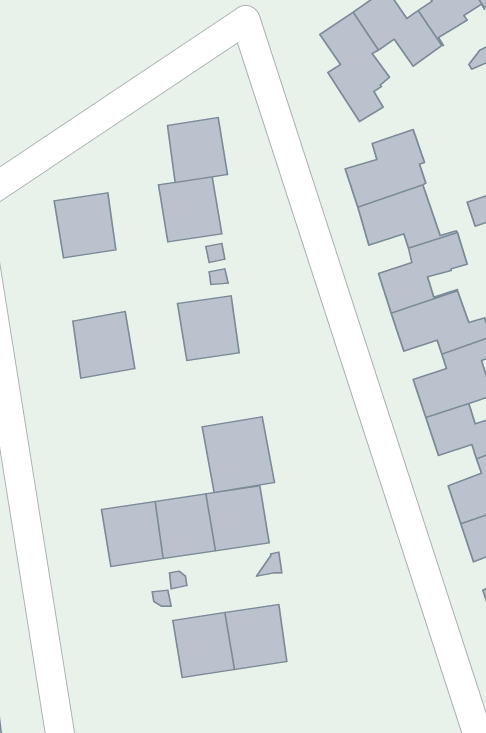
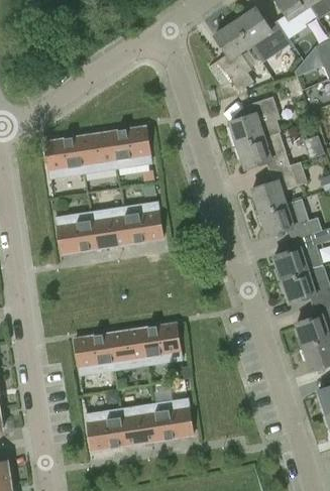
building: [167,117,228,182] -> [78,131,116,172]
building: none -> [89,207,128,248]
building: [202,417,274,492] -> none
building: none -> [86,408,125,451]

